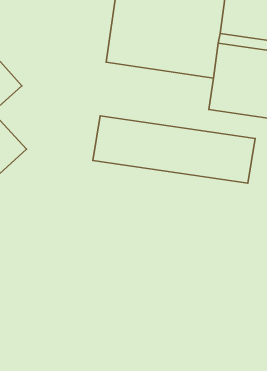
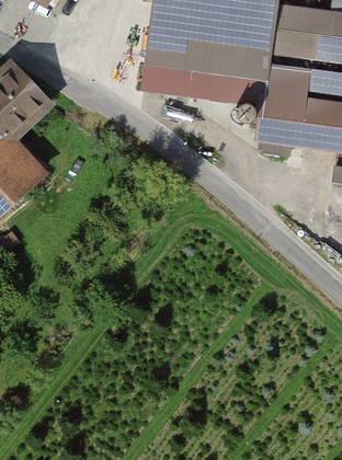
building: [93,116,255,183] -> none

